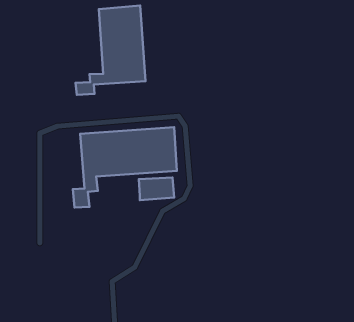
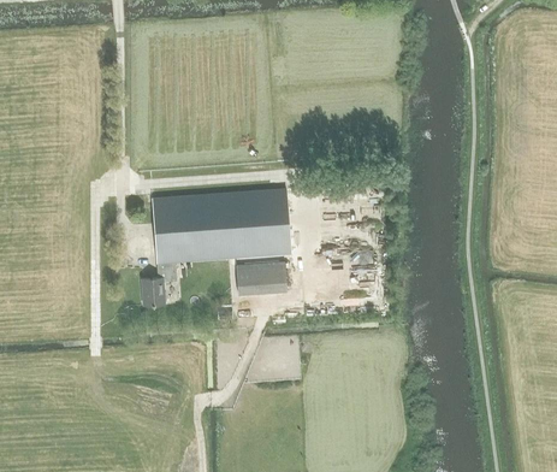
building: [76,6,146,95] -> none

